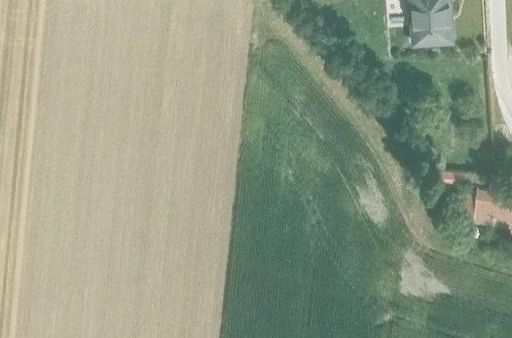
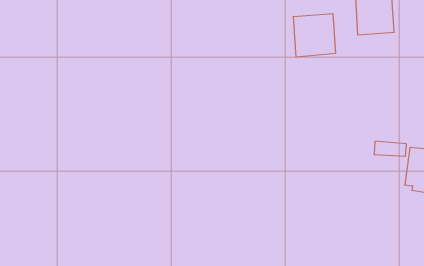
building: none -> [293,14,335,57]

